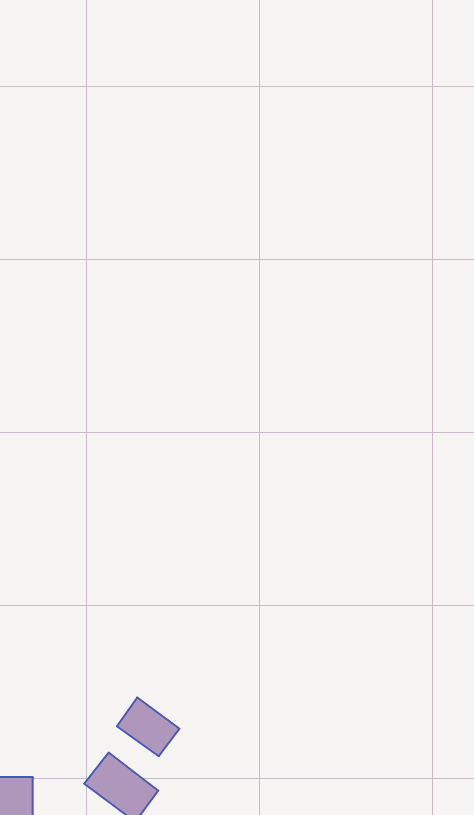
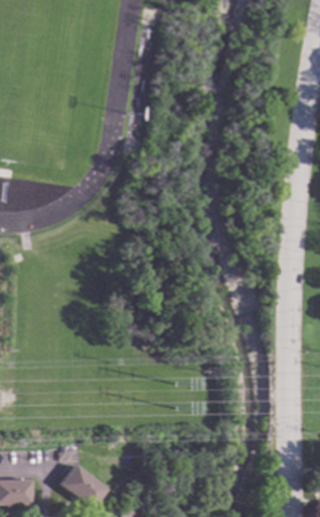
building: [117,697,179,756] -> none

